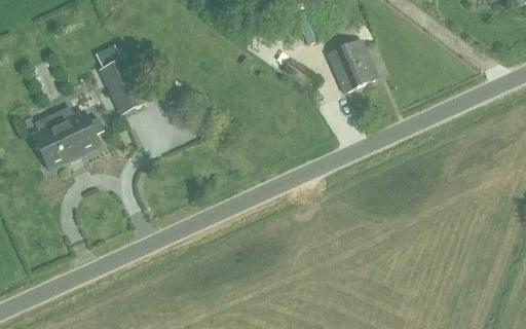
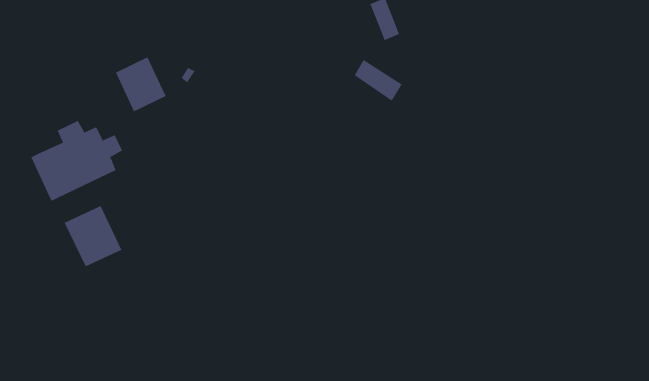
building: [328,40,378,93] -> none
building: none -> [64,205,122,267]

